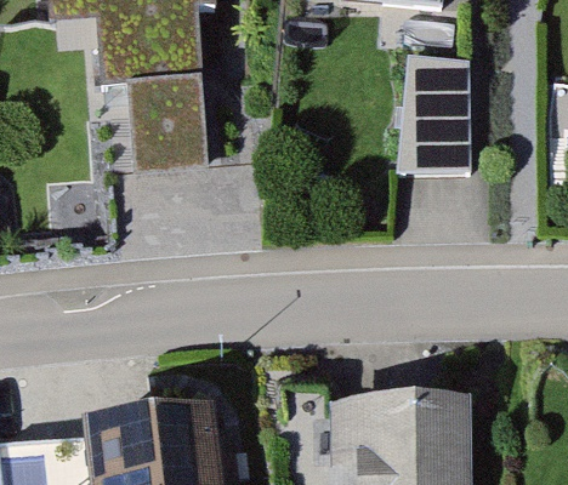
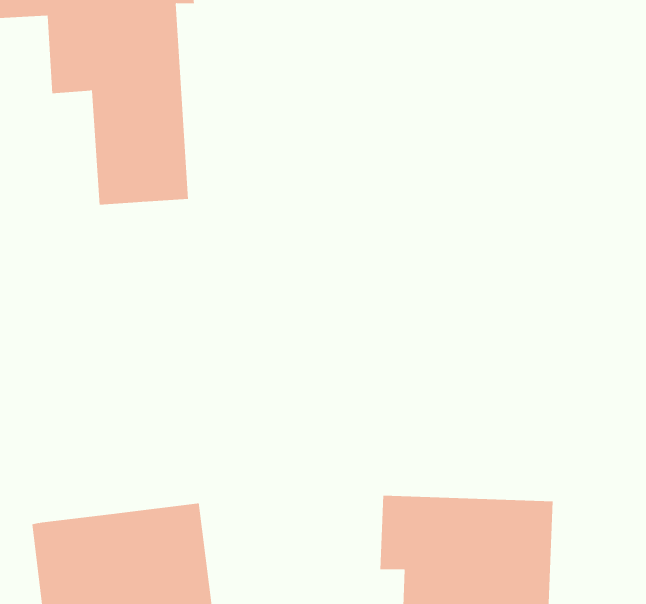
building: [392,47,467,166] -> none

